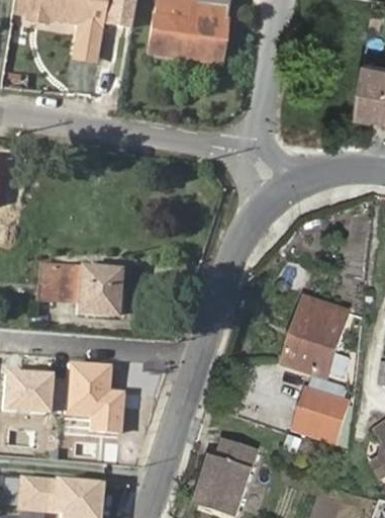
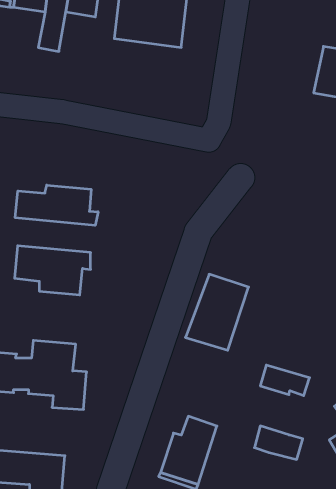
building: none -> [15,185,98,225]
building: [285,298,350,376] -> [185,274,249,350]
building: [294,408,344,442] -> [254,426,303,459]

